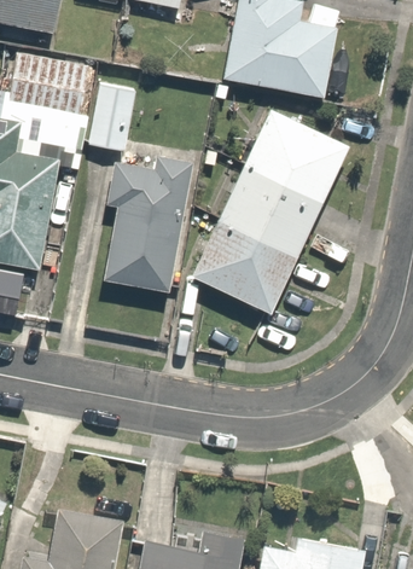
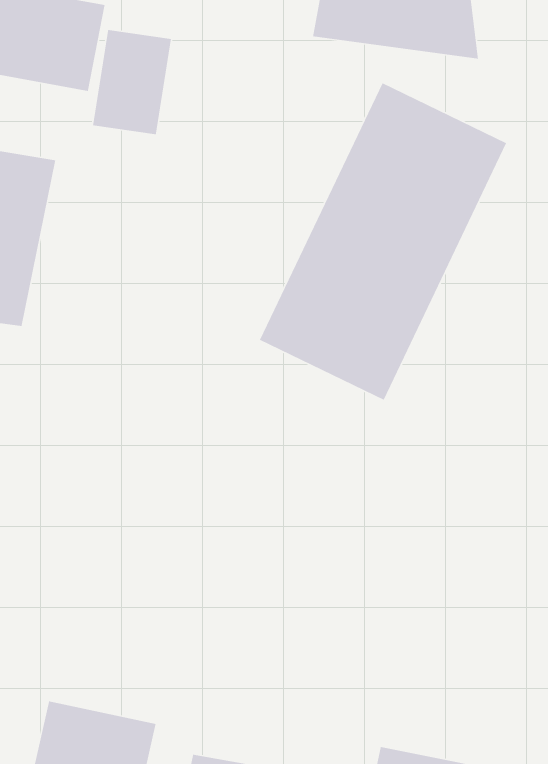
building: [92,158,192,297] -> none

